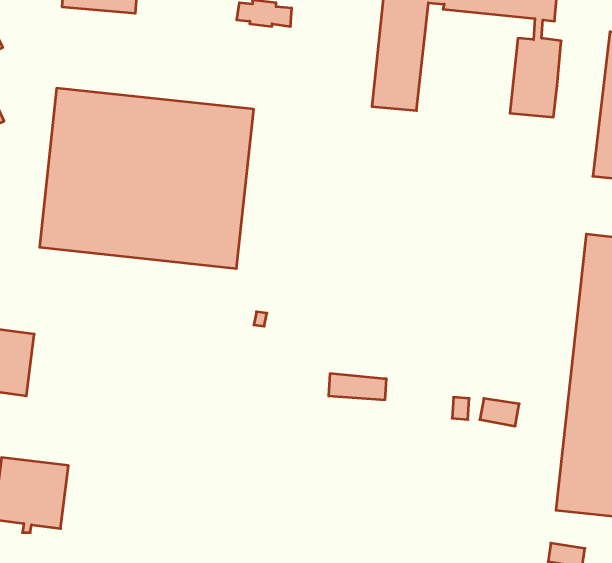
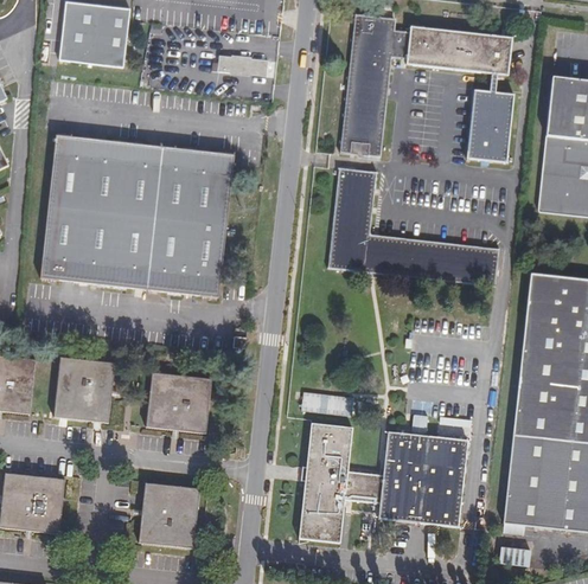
building: none -> [328,171,499,288]
building: none -> [55,354,122,422]
building: none -> [147,370,215,437]
building: none -> [296,424,467,544]
building: none -> [133,479,198,546]

